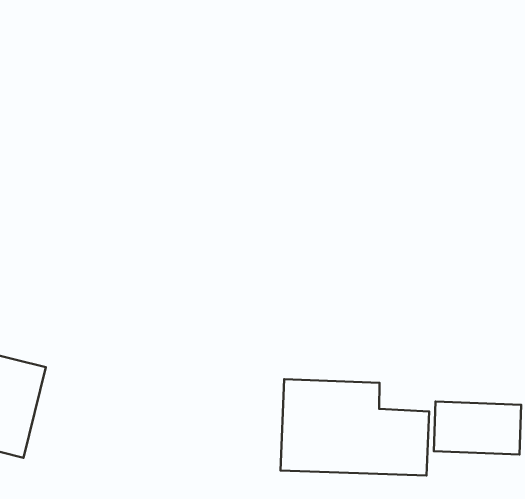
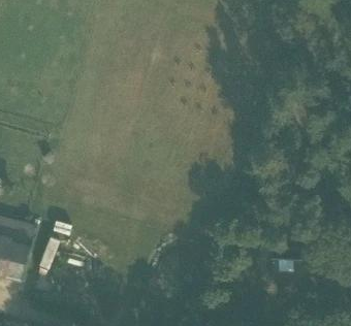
building: [281,379,429,475] -> none

